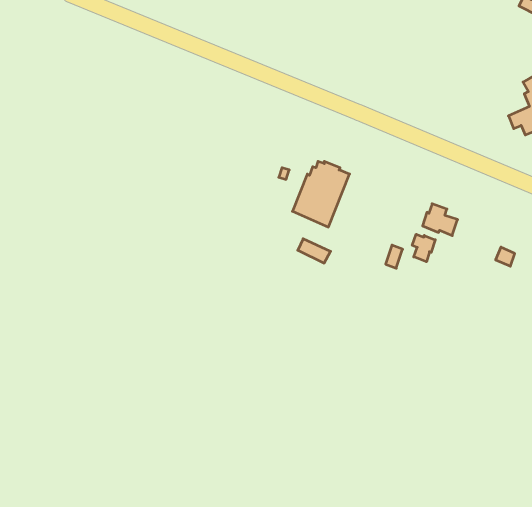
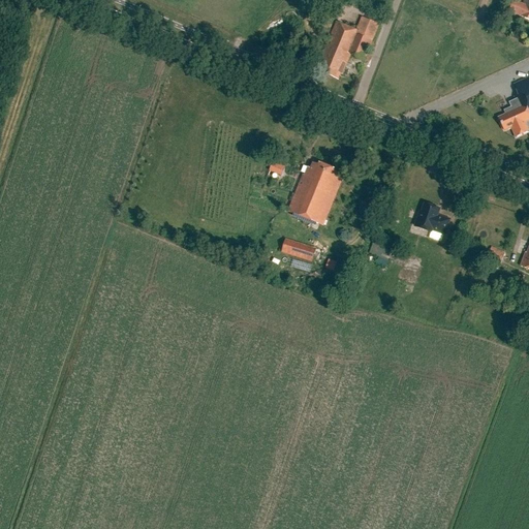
building: none -> [319,14,379,77]
building: [412,234,435,262] -> none

